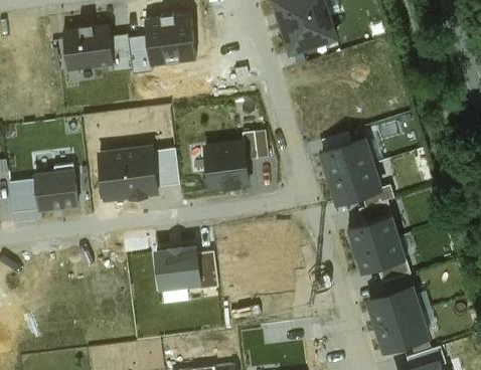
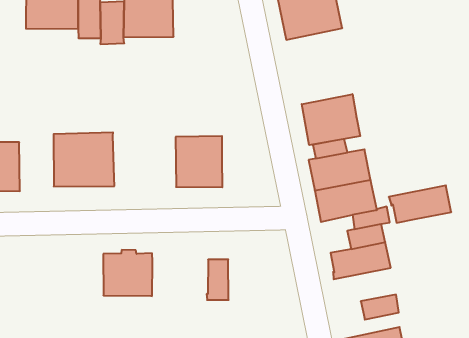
building: none -> [302,94,360,145]
building: [243,131,268,160] -> none
building: [151,148,179,186] -> none
building: [351,236,406,272] -> [389,185,451,223]
building: [196,251,217,288] -> [207,259,229,300]

